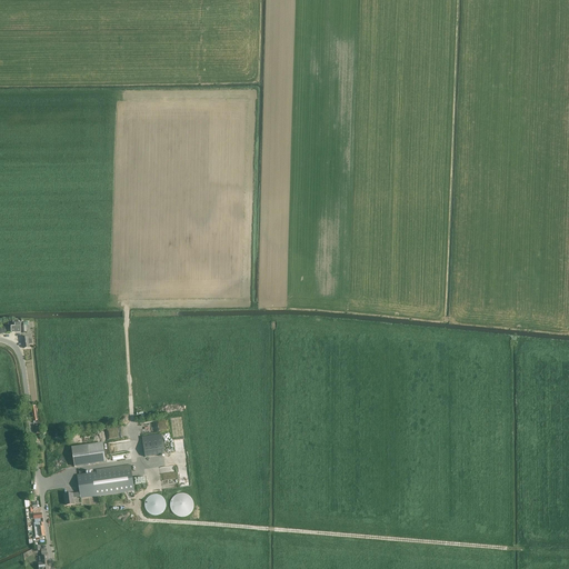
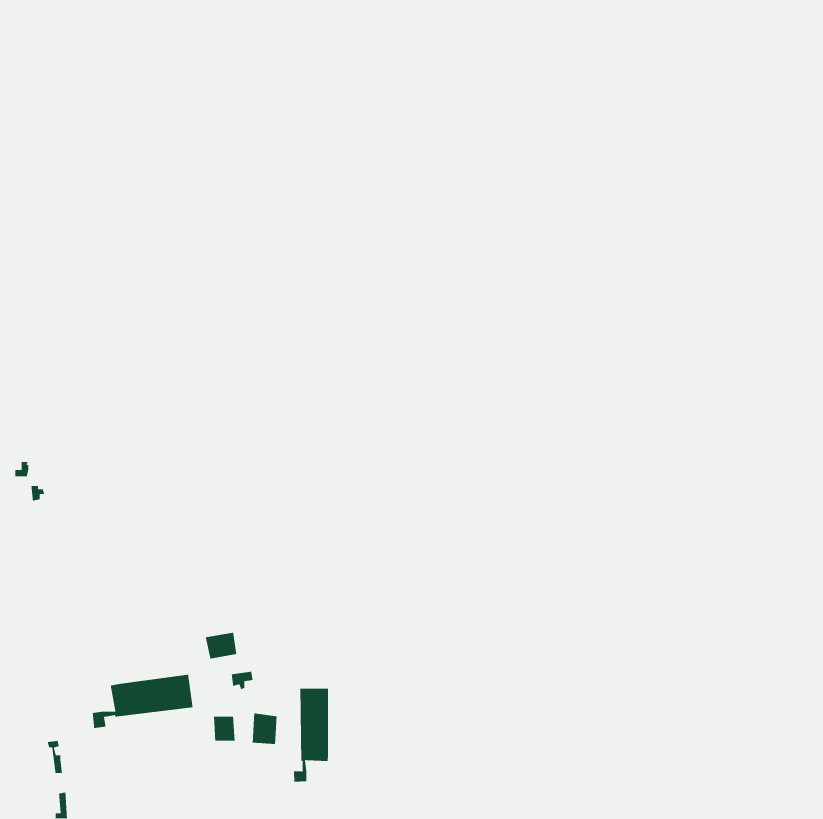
building: [70,439,104,465] -> none
building: none -> [293,688,329,783]

